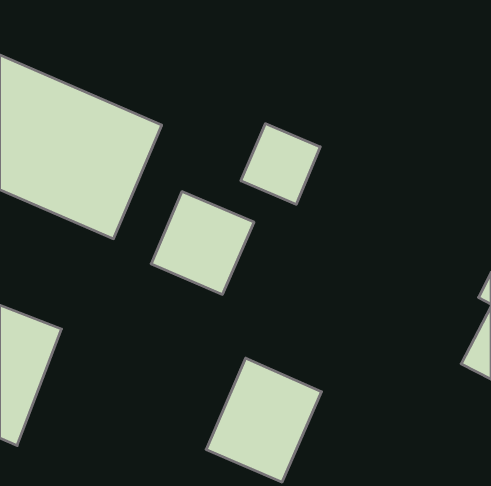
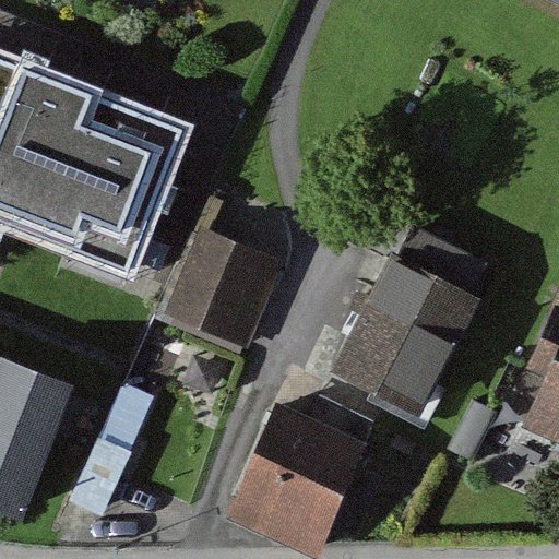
building: [241,124,320,204] -> none
building: none -> [328,257,480,420]

